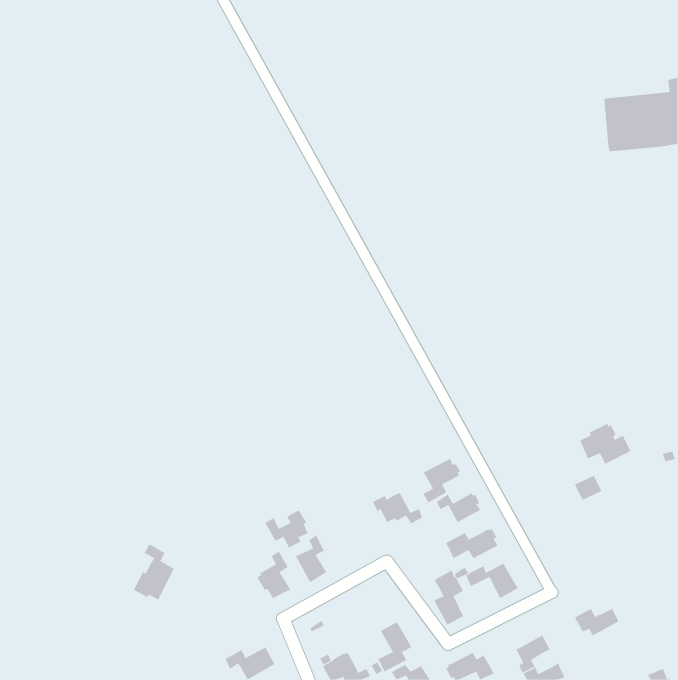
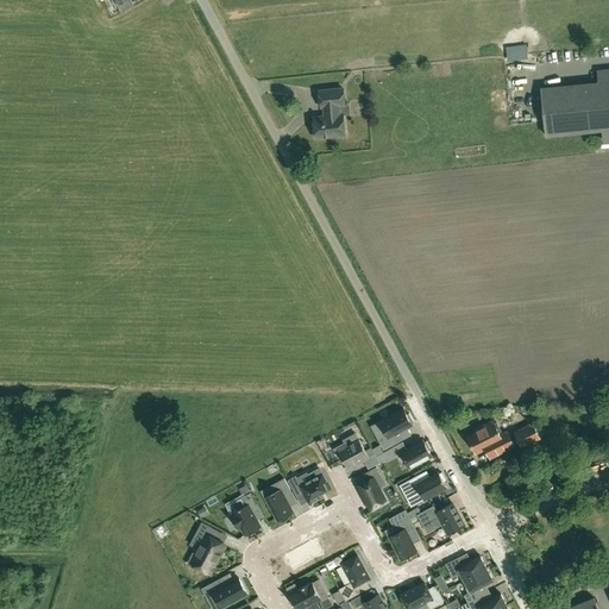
building: none -> [313,88,344,138]
building: [579,423,631,465] -> [467,421,514,458]
building: [265,509,308,548] -> [287,469,326,503]
building: none -> [357,467,384,510]
building: [133,543,174,601] -> [187,522,224,573]
building: [574,608,619,636] -> [445,555,485,580]

